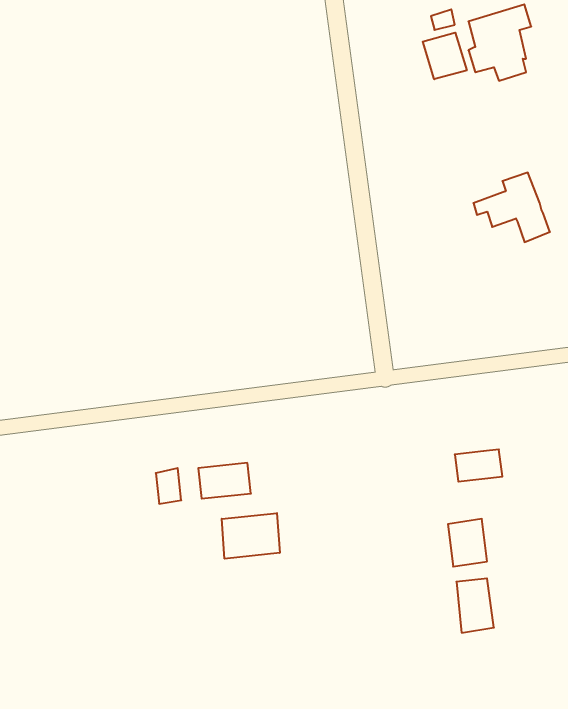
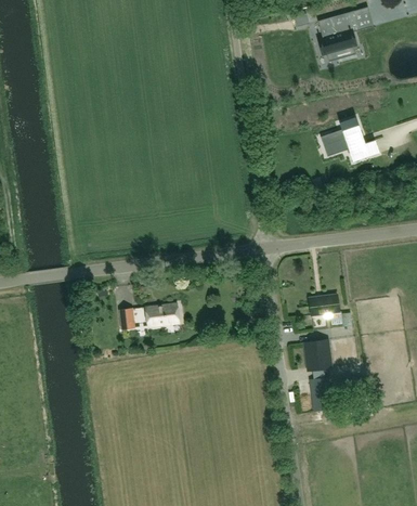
building: [423,33,467,79] -> none
building: [222,513,280,559] -> none

